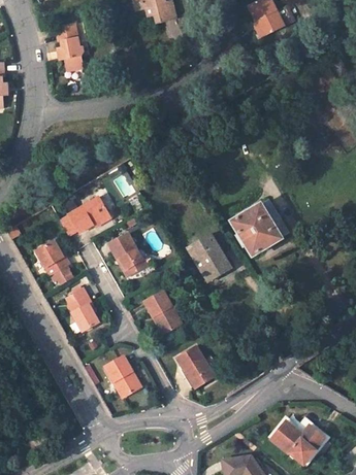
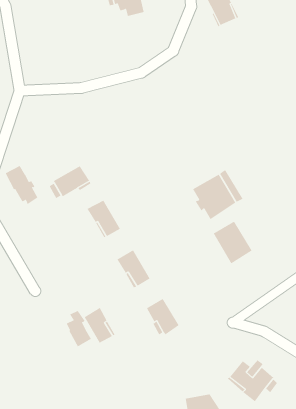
building: [54,24,83,71] -> none
building: [186,232,231,281] -> [213,221,253,264]
building: [37,240,75,285] -> [5,165,38,205]
building: [70,291,100,333] -> [66,310,92,347]

